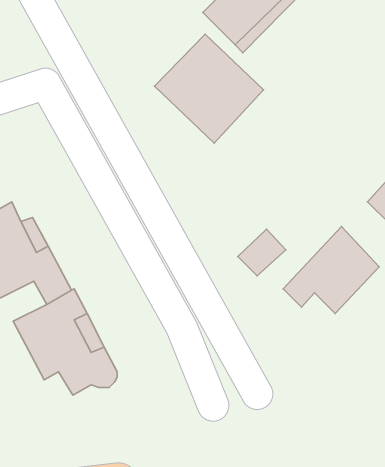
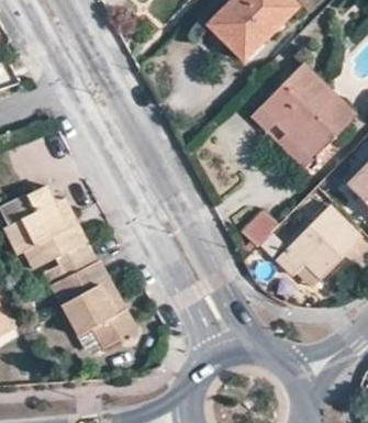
building: [155,34,264,143] -> [260,64,353,156]

